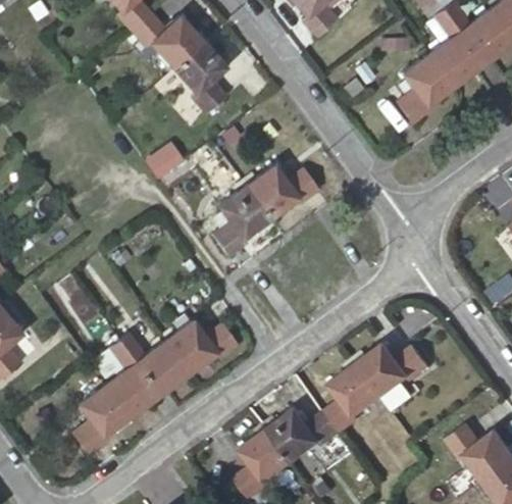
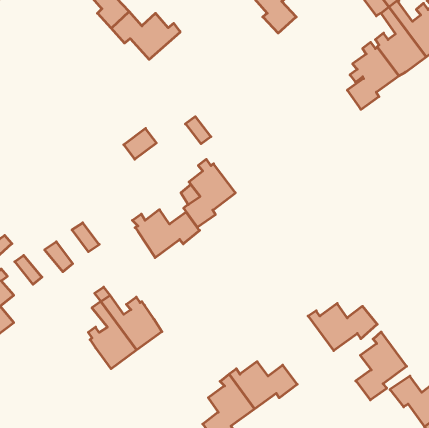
building: [174,37,227,114] -> none
building: [244,165,320,218] -> none
building: [163,320,239,374] -> [132,210,200,258]
building: [324,357,381,434] -> [356,332,407,400]
building: [72,380,132,455] -> none

